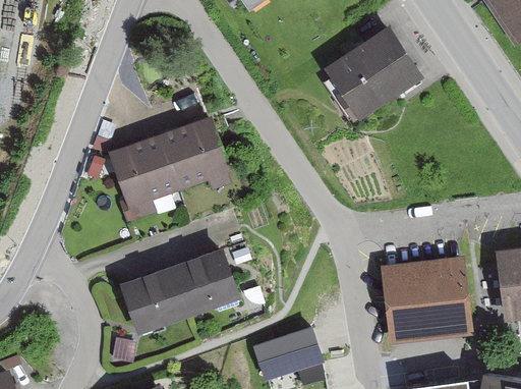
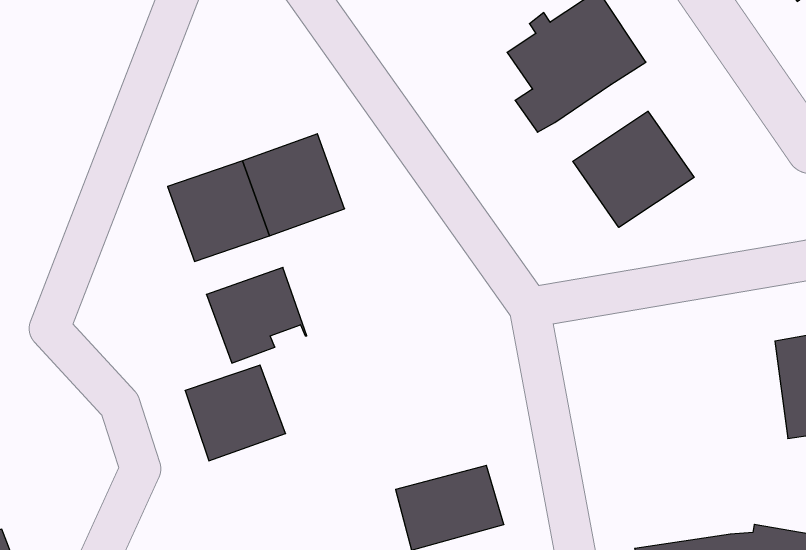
building: none -> [573,111,694,227]
building: [170,252,234,313] -> [206,267,307,363]
building: [385,271,466,328] -> none

